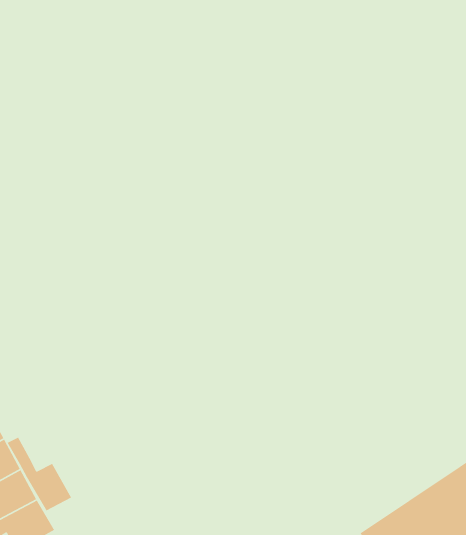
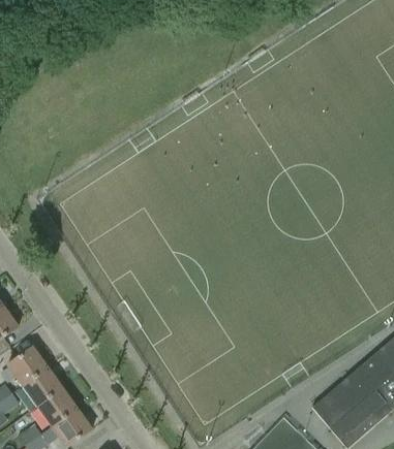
building: [6,436,72,512] -> none

